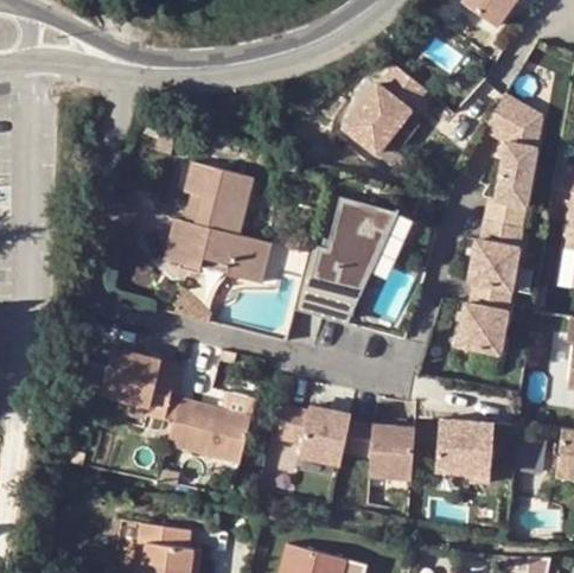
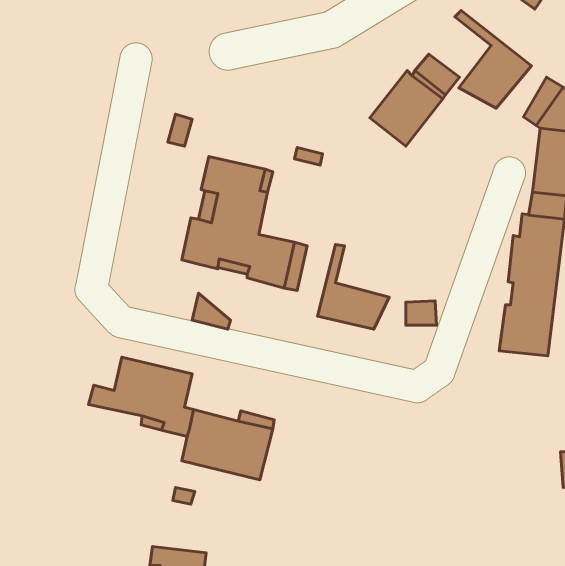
building: none -> [455,11,532,108]
building: [312,197,398,293] -> none
building: [278,413,414,486] -> none
building: [435,414,493,480] -> none

